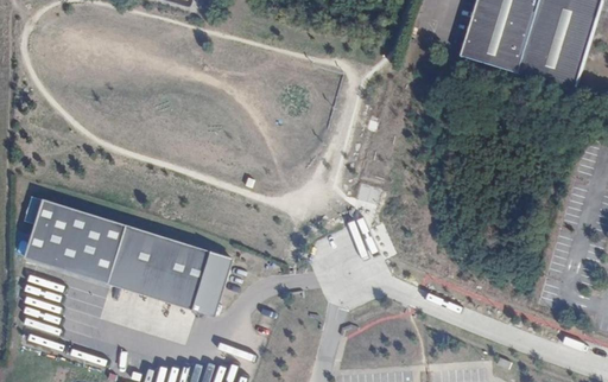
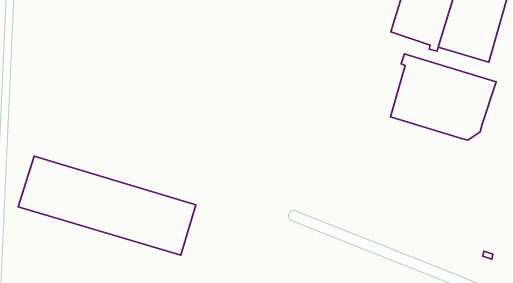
building: none -> [390,54,496,140]

